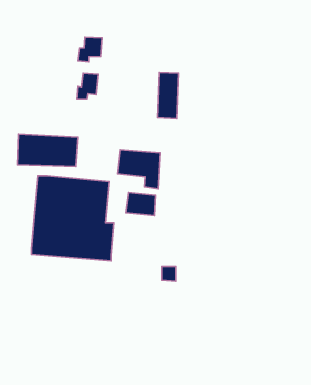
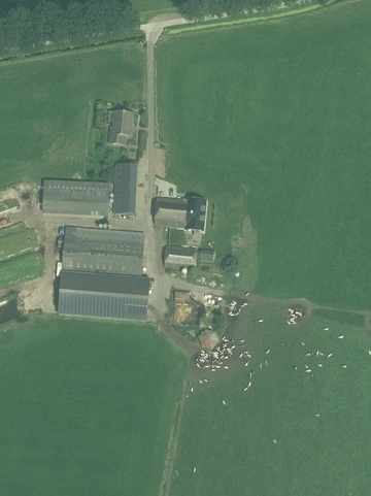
building: [78,37,102,62] -> none
building: [157,72,179,119] -> [113,163,137,214]

